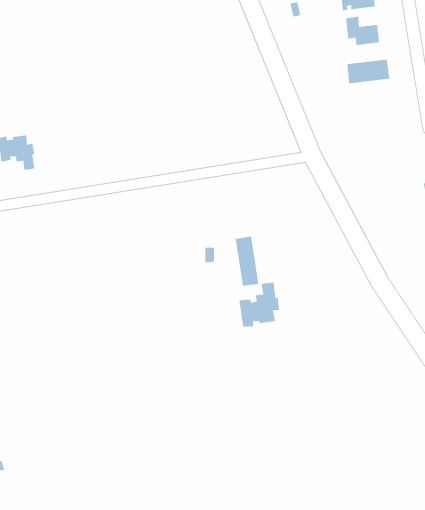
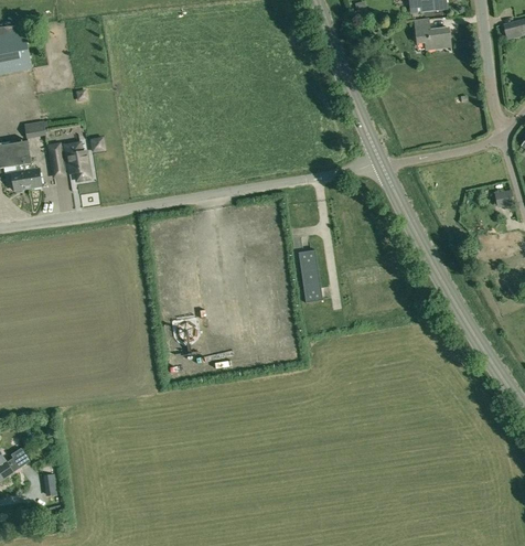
building: [347,59,390,84] -> none
building: [239,282,280,327] -> none

